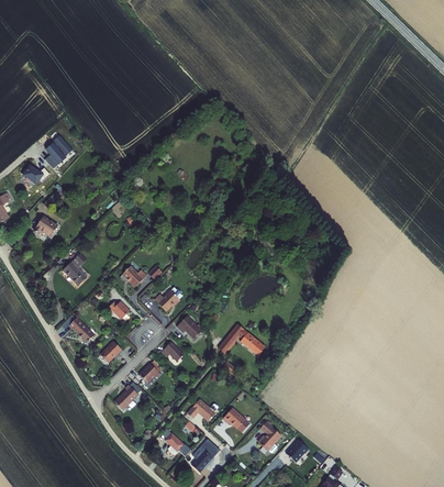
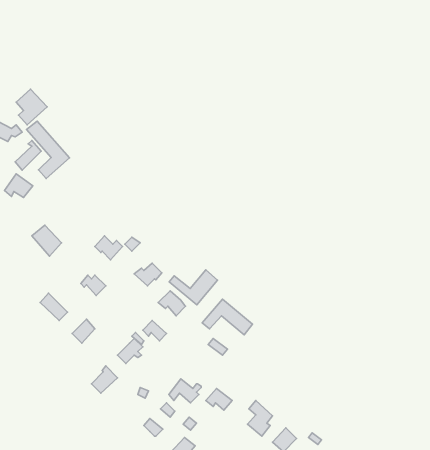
building: none -> [26,121,69,179]
building: none -> [169,270,217,305]

